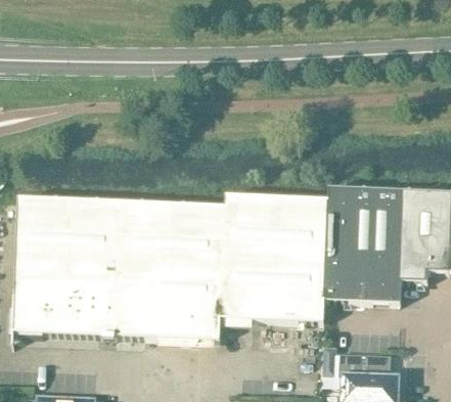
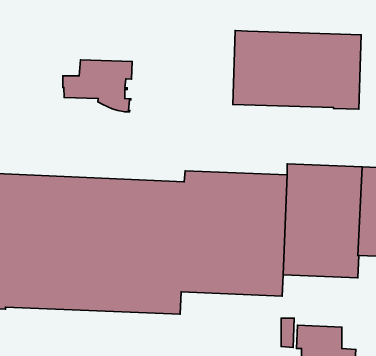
building: none -> [233,30,361,109]
building: none -> [63,60,132,112]

